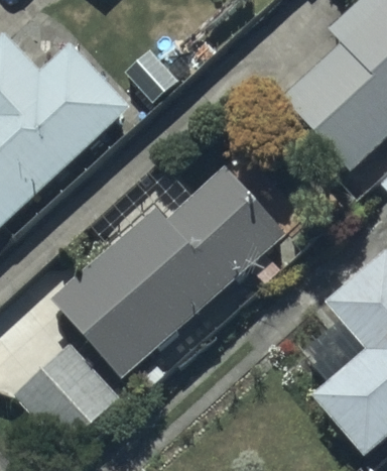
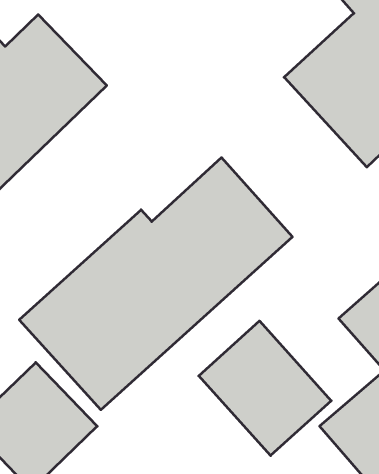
building: none -> [199,321,331,456]

